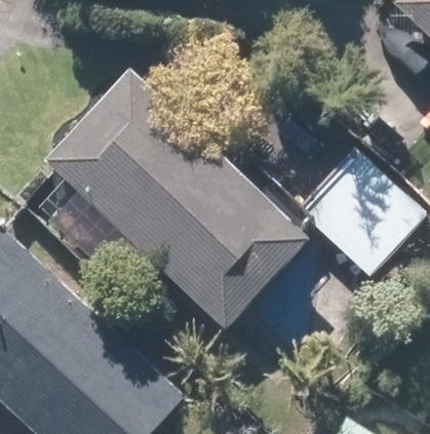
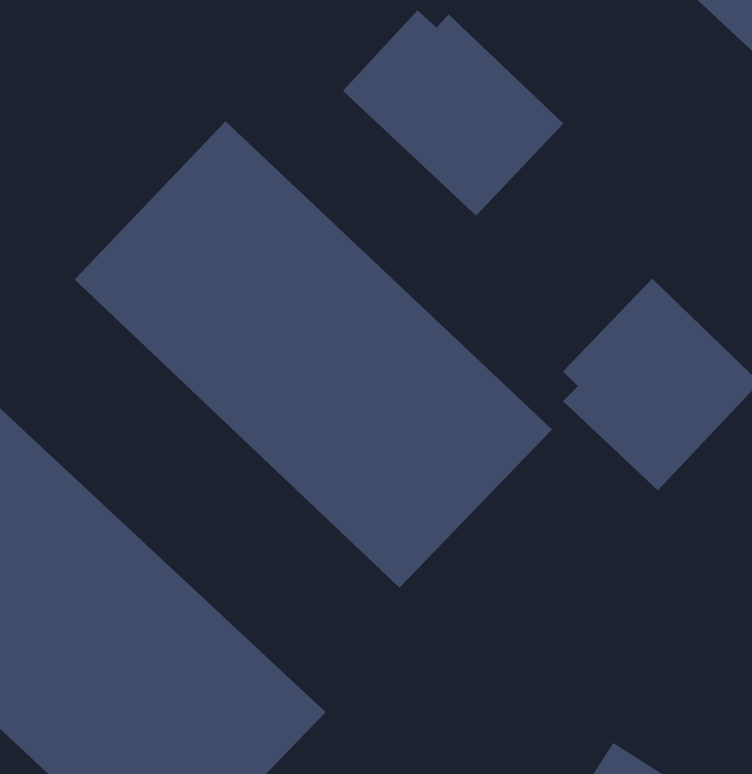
building: none -> [342,10,564,216]

